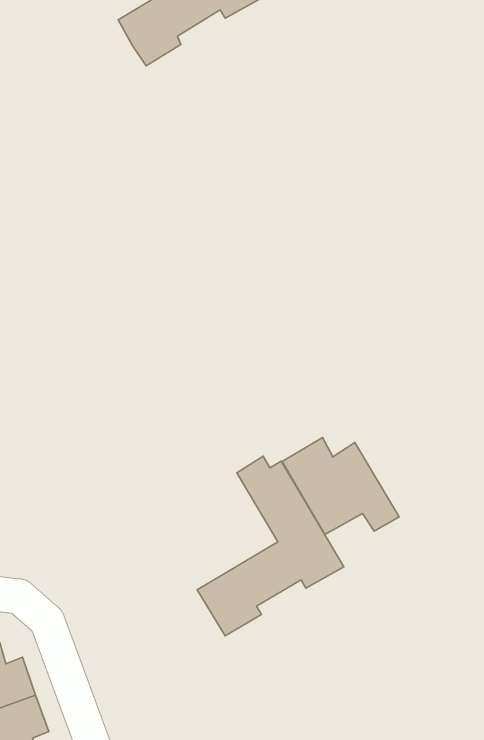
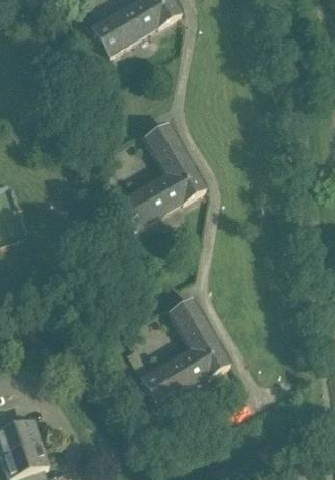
building: none -> [116,121,206,231]
building: [282,438,399,534] -> none

